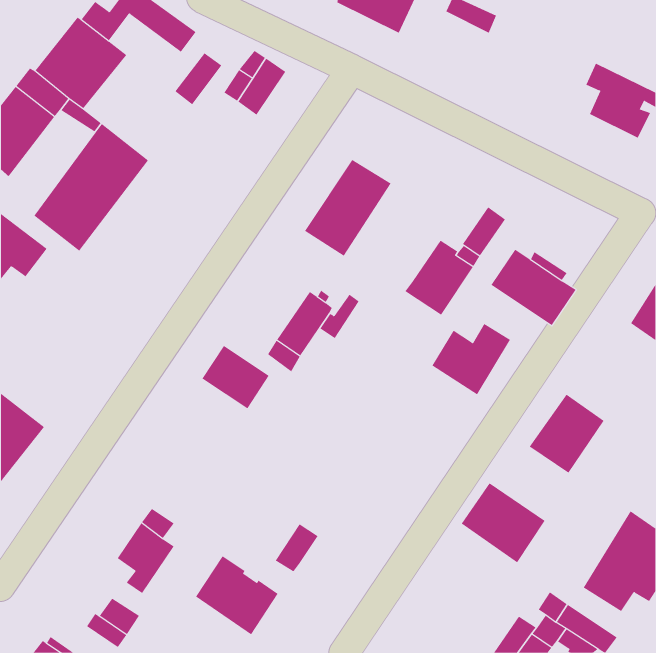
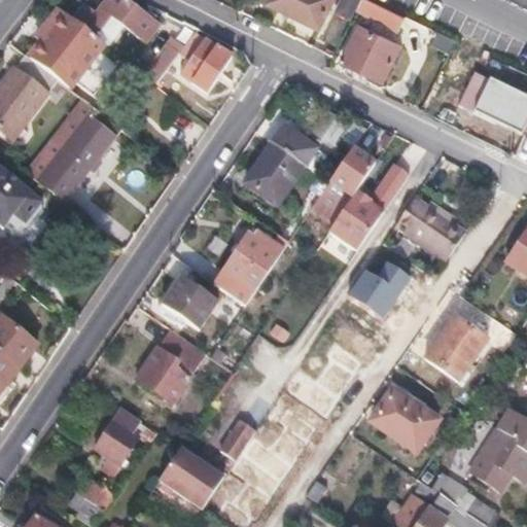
building: none -> [342,25,399,80]
building: none -> [310,151,372,225]
building: none -> [137,328,206,405]

